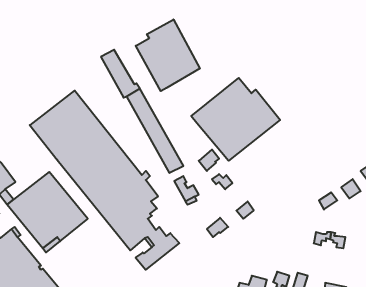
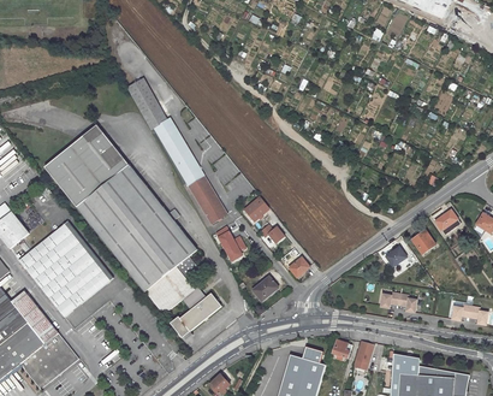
building: [136,19,200,91] -> none
building: [191,78,280,161] -> none

